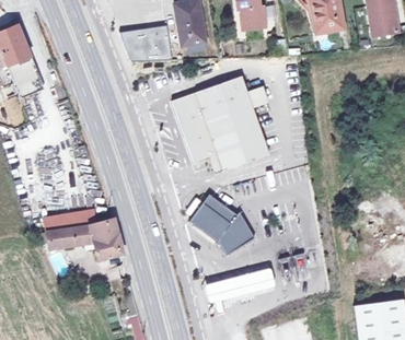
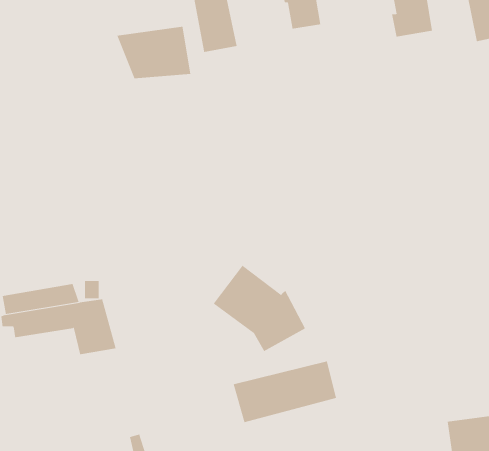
building: [173,75,269,171] -> none

